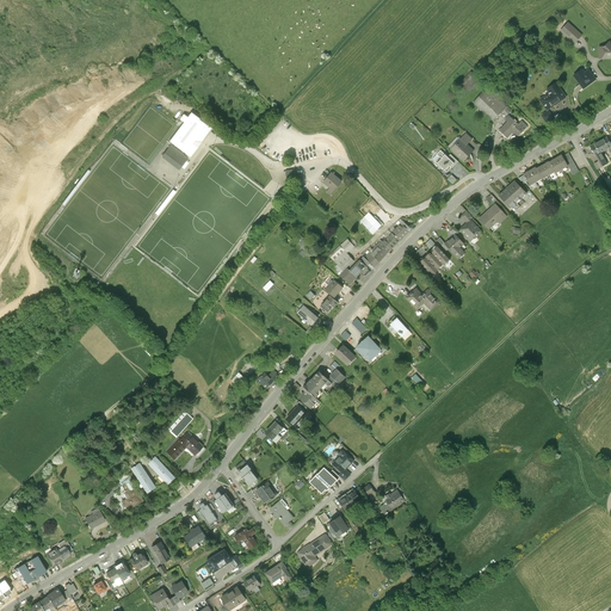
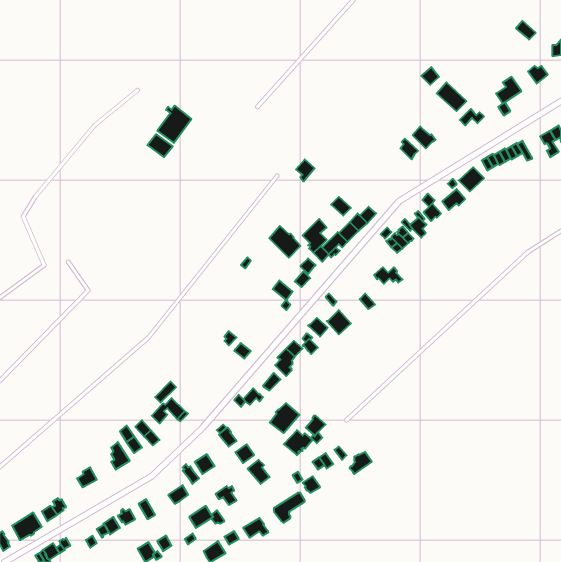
building: none -> [269,226,300,258]
building: none -> [270,403,300,433]

